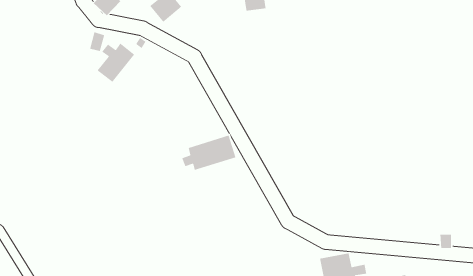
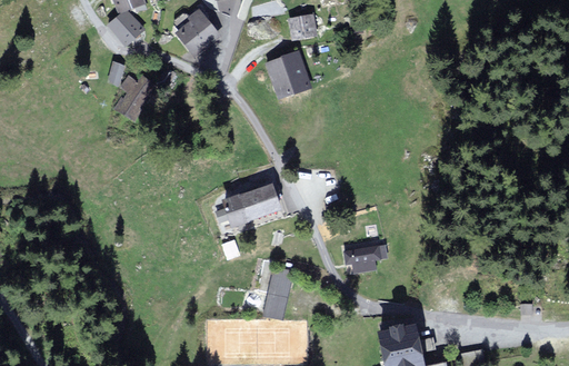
building: none -> [267,53,309,97]
building: none -> [342,245,386,273]
building: none -> [263,269,291,320]

